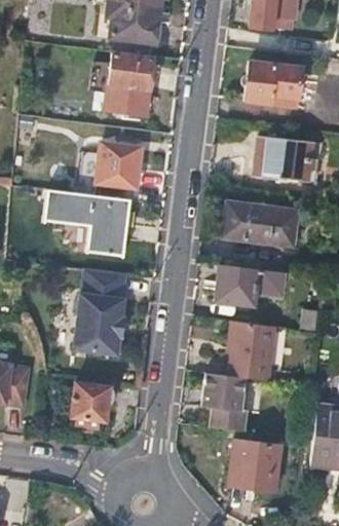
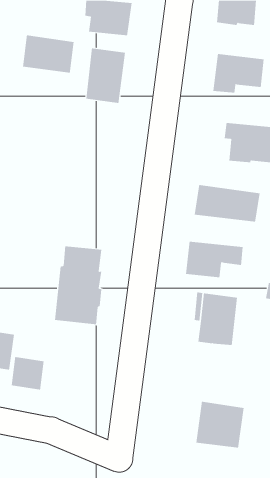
building: none -> [23,34,74,73]
building: [98,143,139,185] -> none
building: [49,191,131,255] -> none
building: [201,372,246,430] -> none
building: [70,382,107,419] -> [11,356,45,390]

